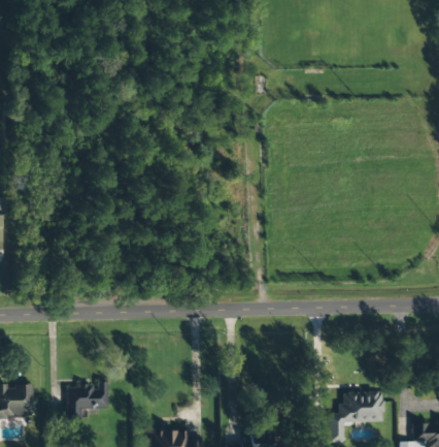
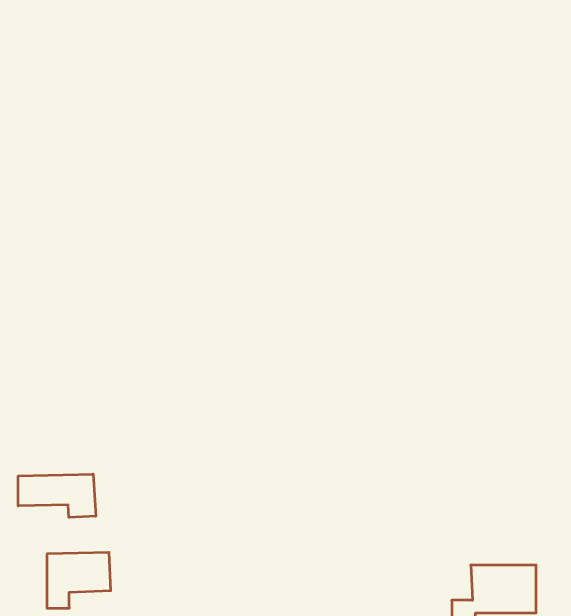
building: none -> [18,474,96,517]

